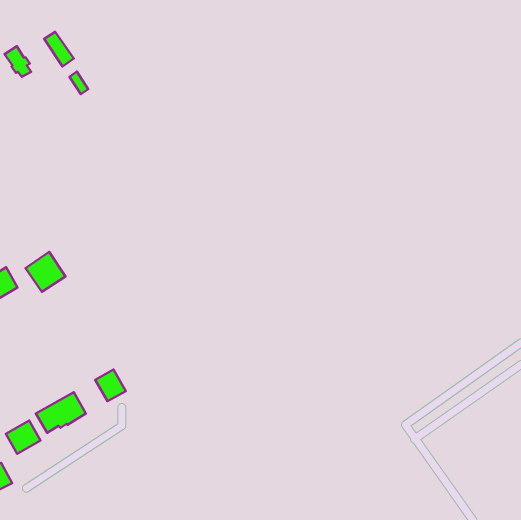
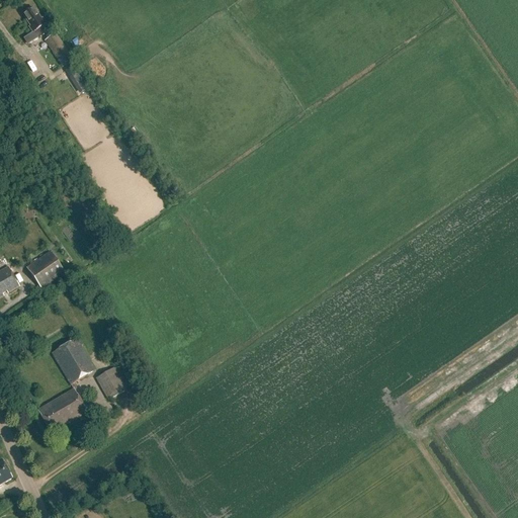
building: [4,46,31,77] -> [20,5,47,35]
building: none -> [51,337,95,383]
building: [6,420,41,454] -> none

